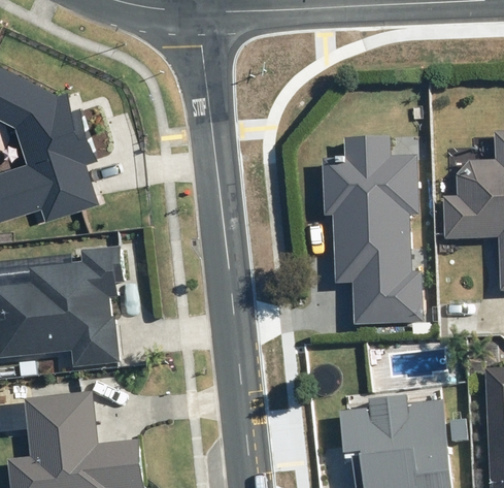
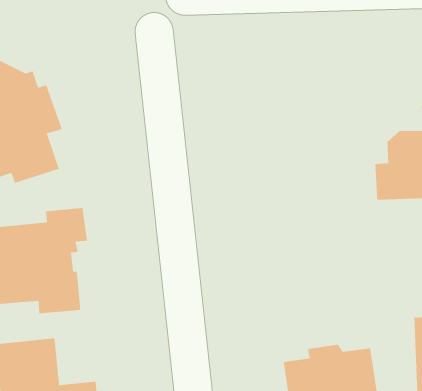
building: [320,135,422,322] -> none

